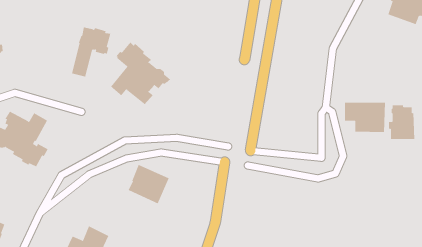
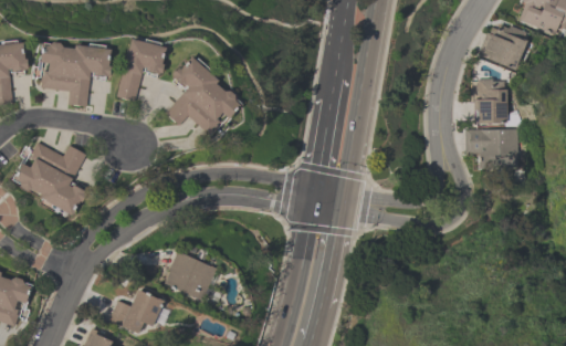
building: none -> [478,27,527,72]
building: none -> [41,39,112,105]
building: [388,105,415,140] -> [473,80,507,124]
building: [128,164,169,204] -> [164,251,217,302]

